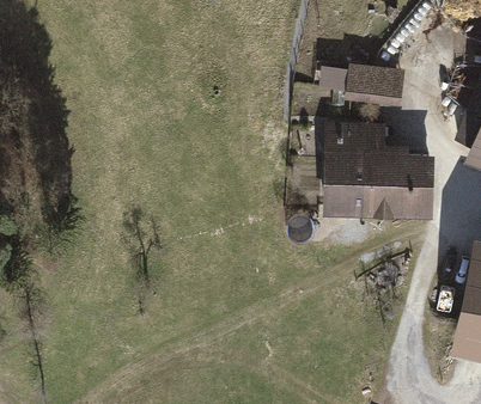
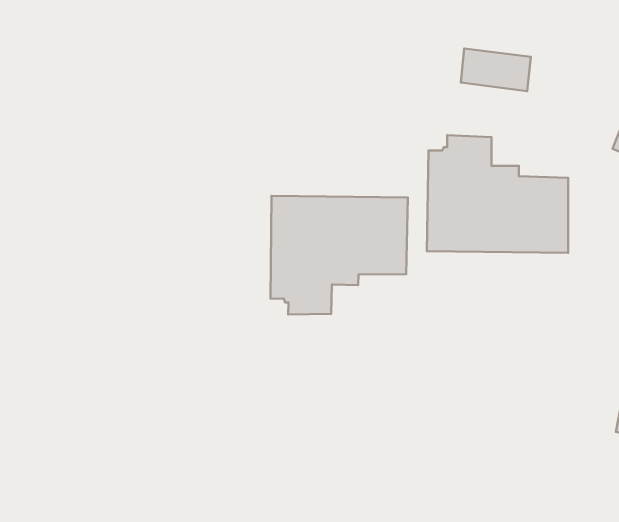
building: none -> [271,196,408,315]

